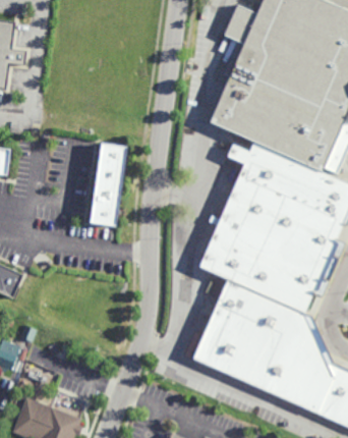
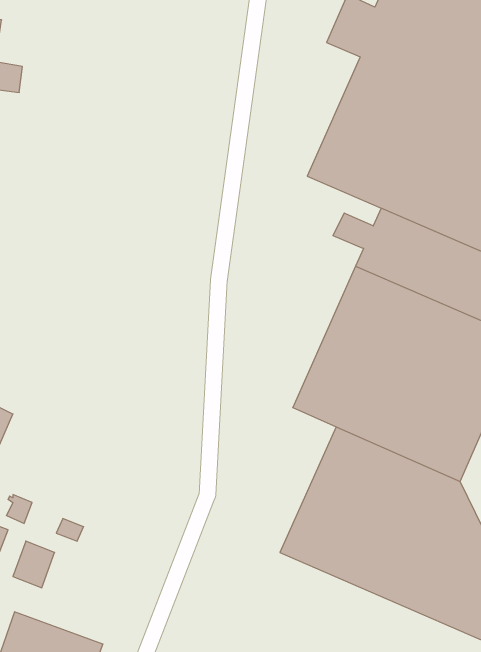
building: [90,144,127,227] -> none

